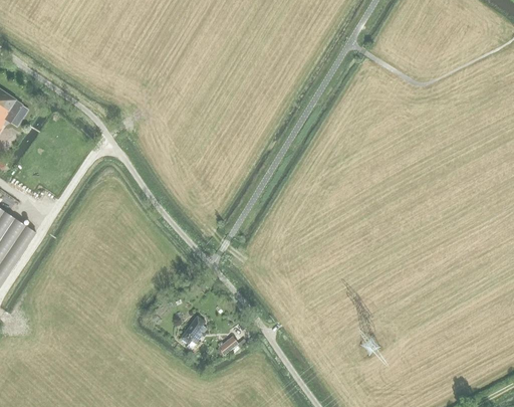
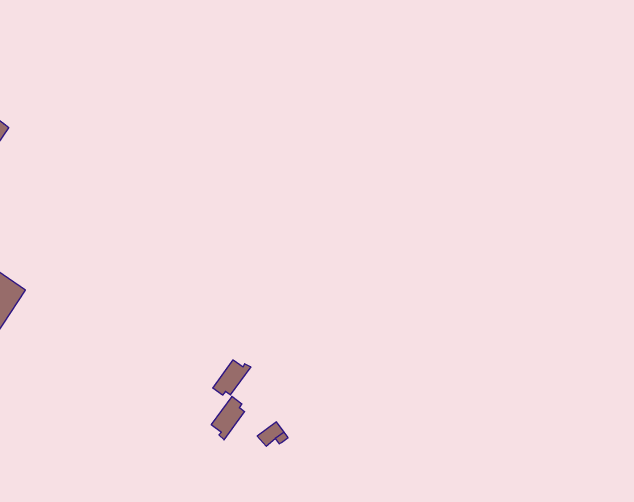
building: none -> [213,360,251,395]

